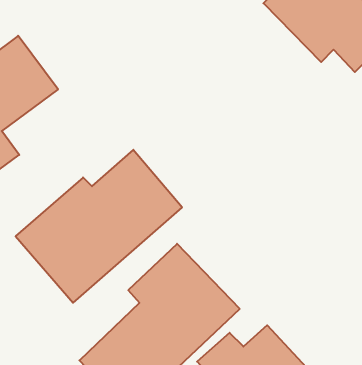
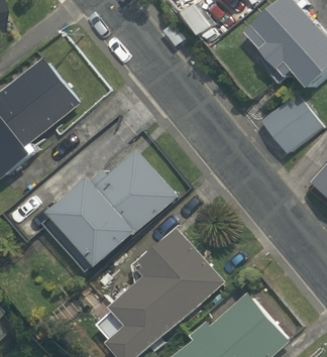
building: none -> [258,92,317,150]

